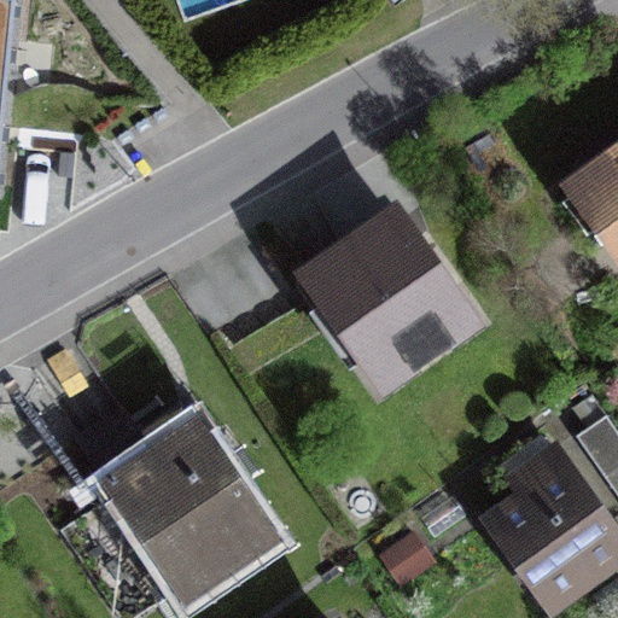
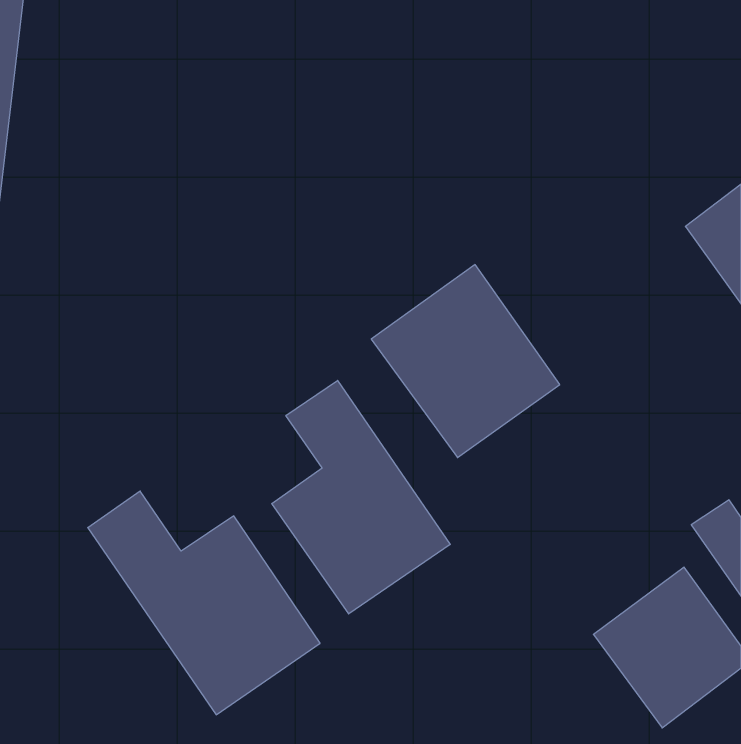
building: none -> [272,380,450,614]

